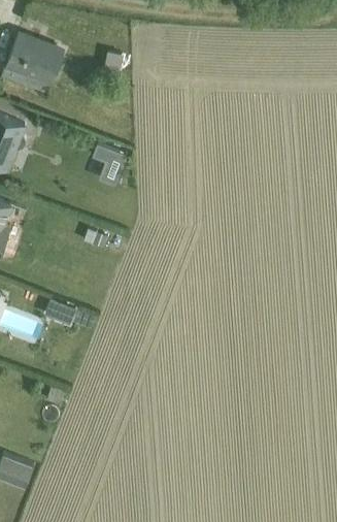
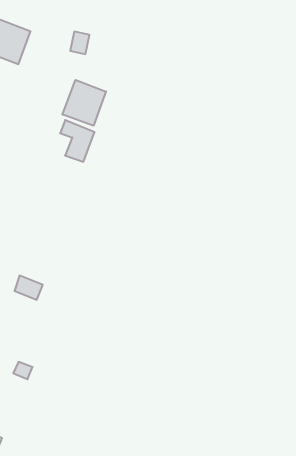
building: none -> [62,80,106,126]

